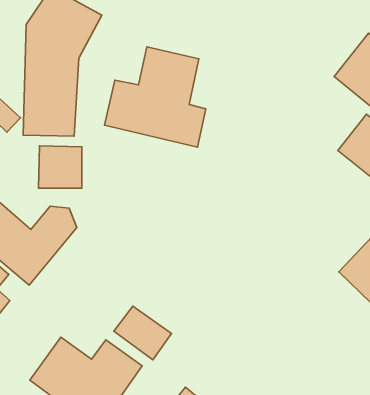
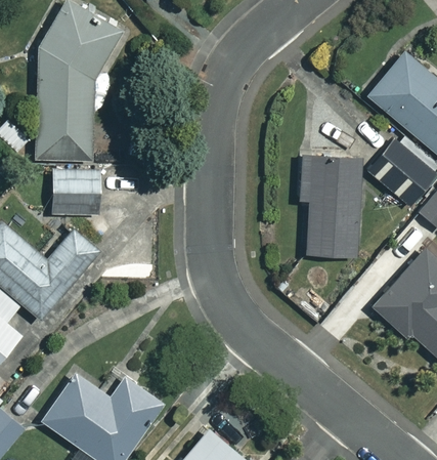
building: [104,47,206,147] -> none
building: none -> [300,156,360,257]
building: [114,306,171,360] -> none

